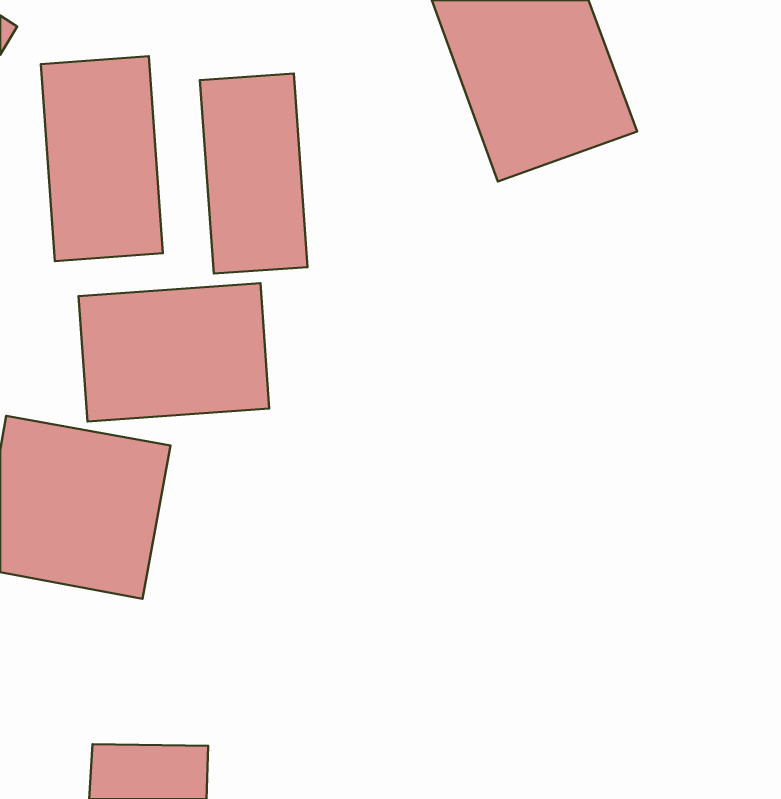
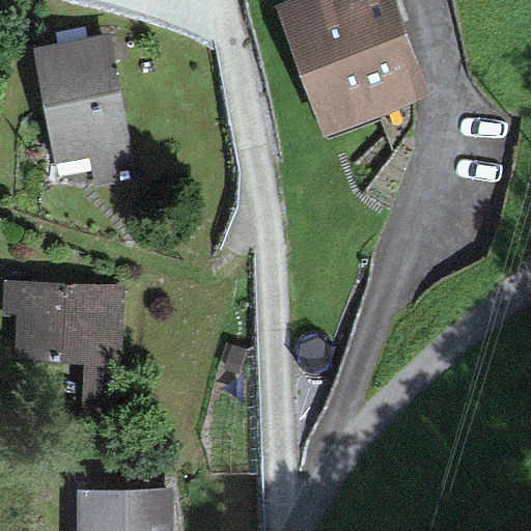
building: [200,73,308,274] -> none
building: [78,283,269,421] -> none

